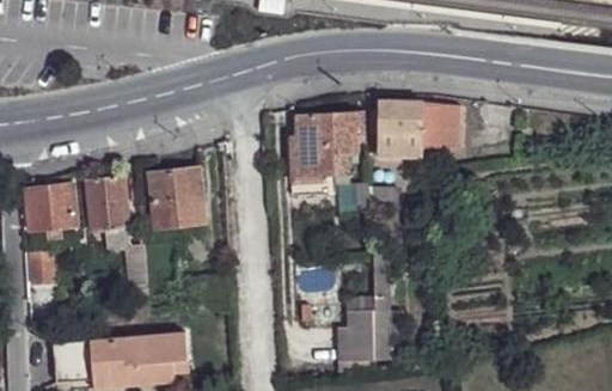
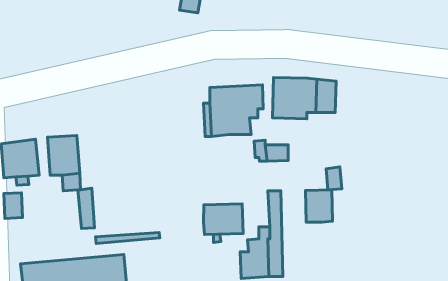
building: [148,169,202,228] -> none
building: none -> [305,190,333,222]
building: none -> [203,204,243,234]

